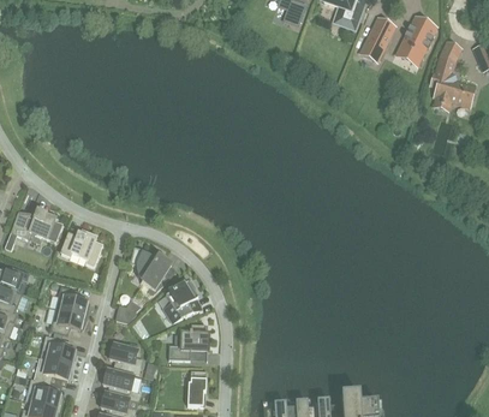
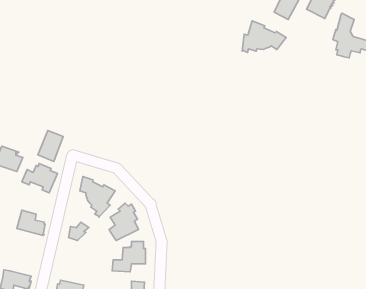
building: none -> [242,21,286,52]
building: none -> [38,130,63,162]
building: [50,308,87,334] -> none
building: [42,334,77,364] -> none
building: [108,342,141,374] -> none

